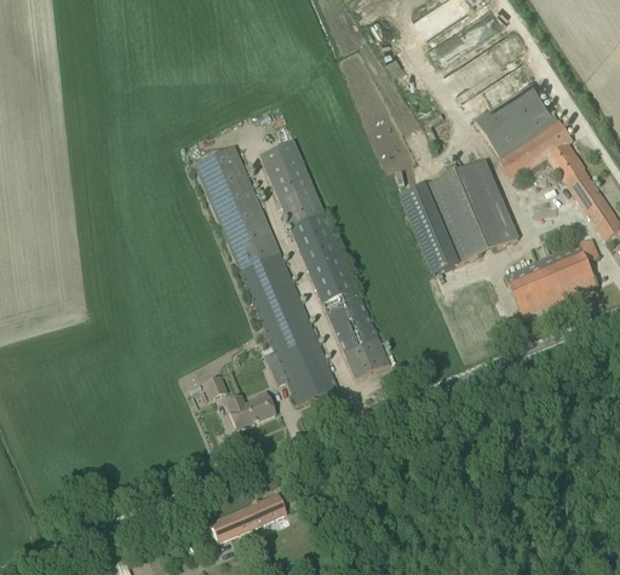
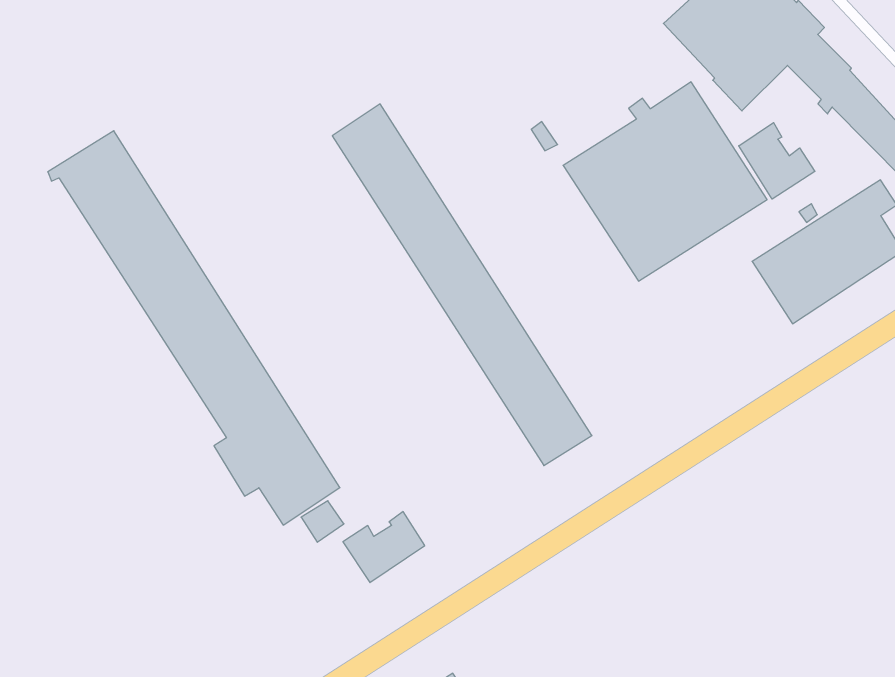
building: [190,146,335,406] -> [48,131,340,525]
building: none -> [739,123,815,199]

